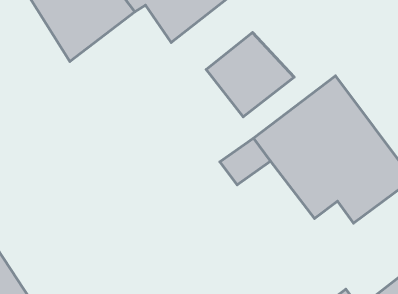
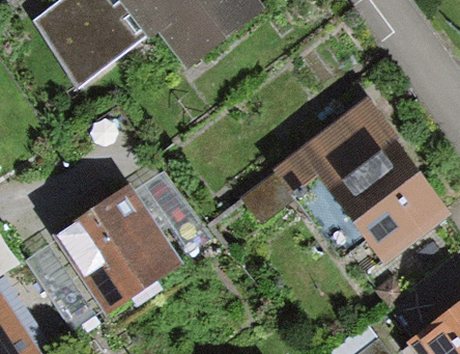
building: [206,32,294,117] -> none
building: none -> [54,180,188,314]

